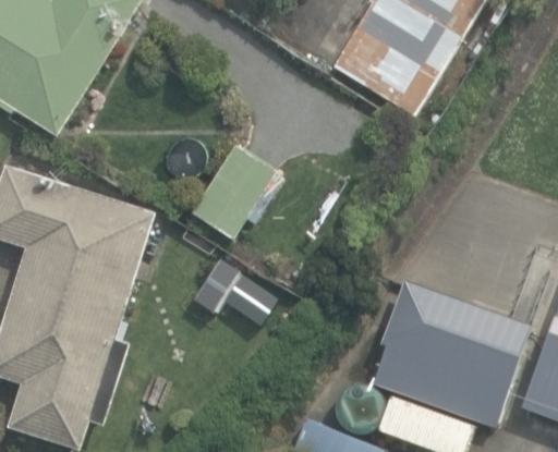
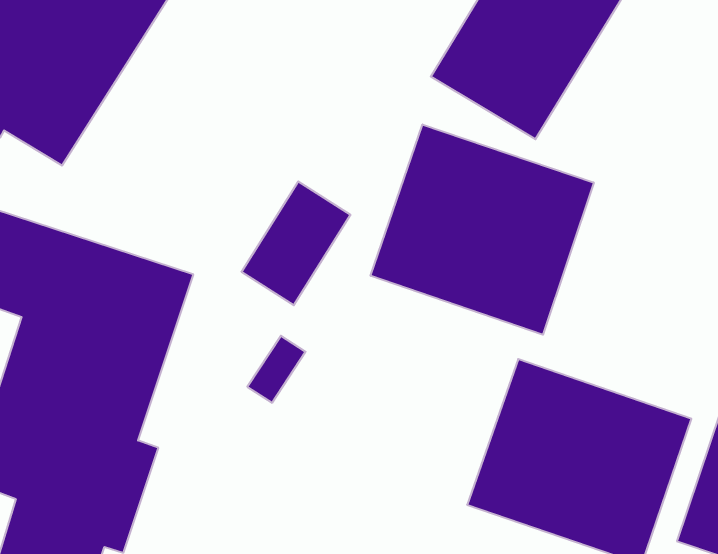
building: none -> [371,124,594,335]

